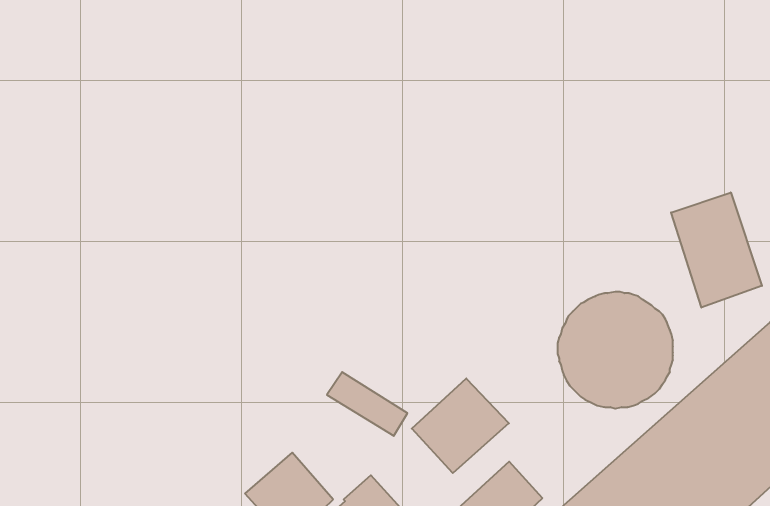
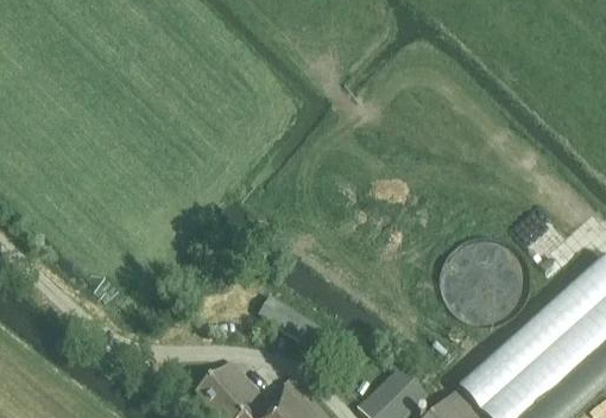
building: [671,192,762,308] -> none
building: [412,378,509,473] -> none

